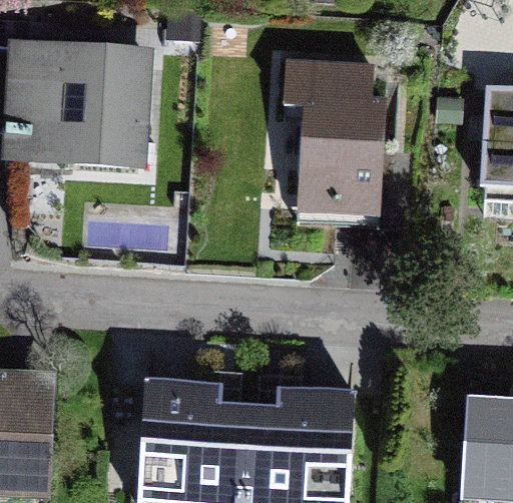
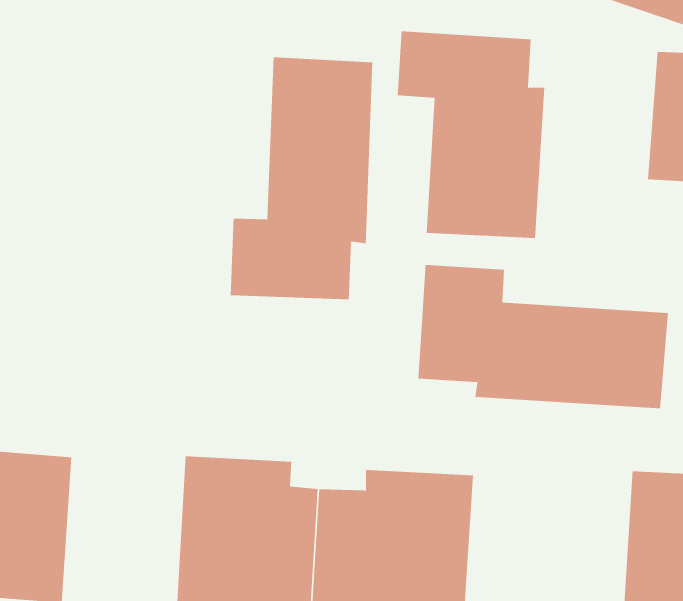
building: [24,52,157,165] -> none
building: none -> [230,57,373,300]
building: none -> [418,264,668,409]

